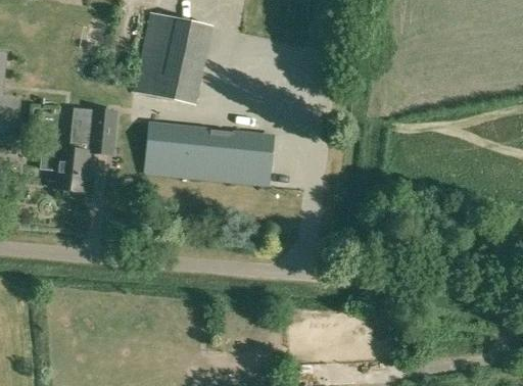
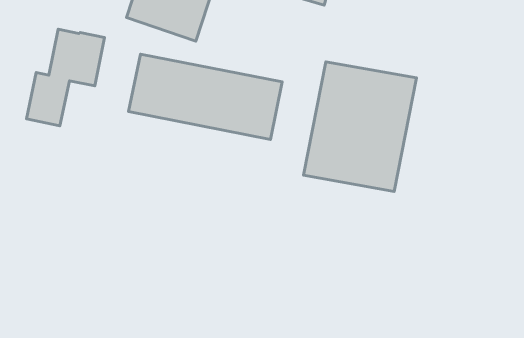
building: none -> [304,62,416,191]

